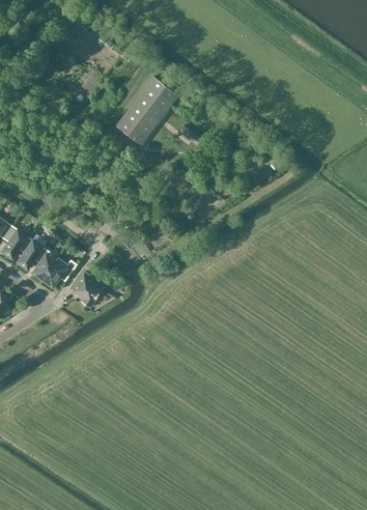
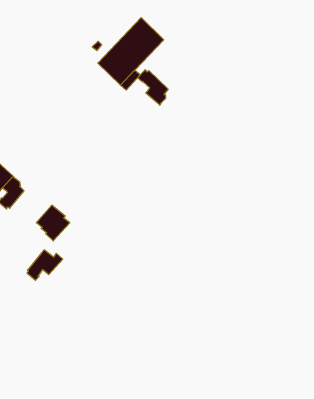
building: none -> [138,70,168,105]
building: [43,257,77,288] -> [27,250,63,280]

